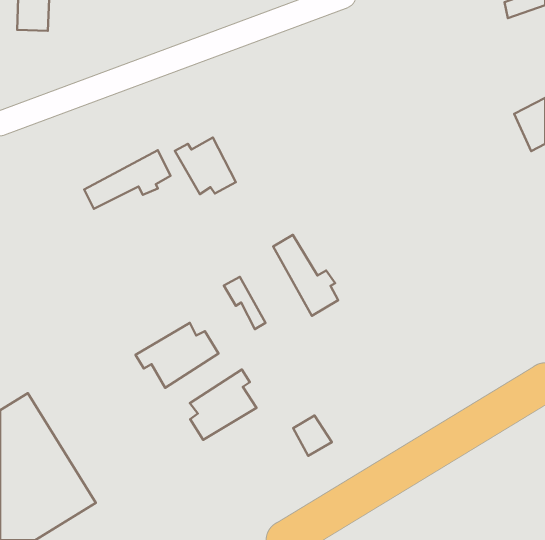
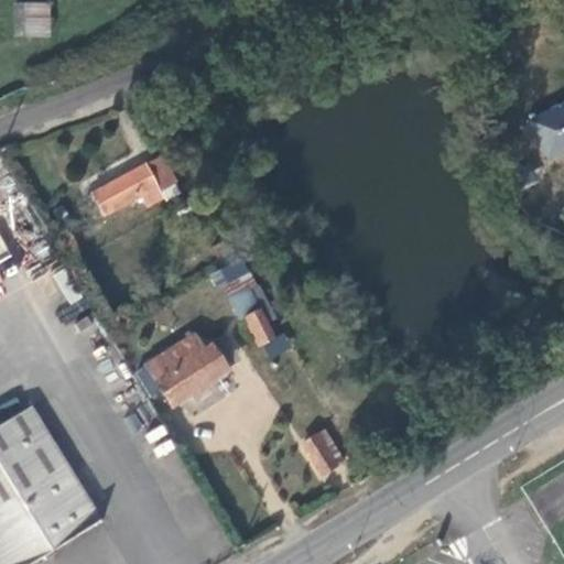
building: [175,138,236,194] -> none
building: [273,235,338,316] -> none
building: [190,369,256,440] -> none

